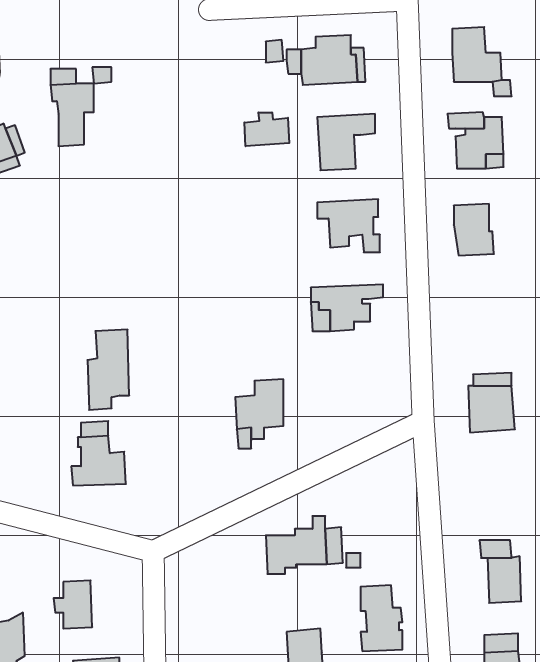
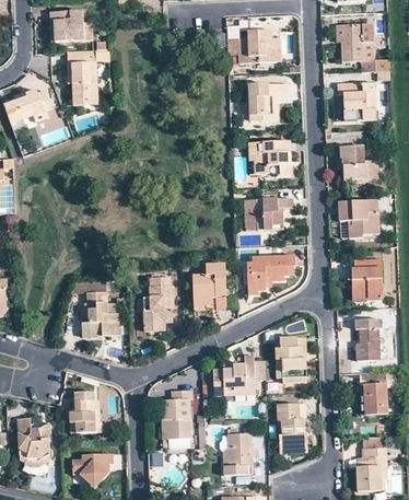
building: none -> [49,10,84,40]
building: [244,112,289,146] -> none
building: none -> [340,200,378,237]
building: [87,330,129,410] -> [143,276,172,330]
building: none -> [246,255,294,293]
building: none -> [354,318,381,360]
building: none -> [276,337,306,382]
building: none -> [160,387,191,437]

